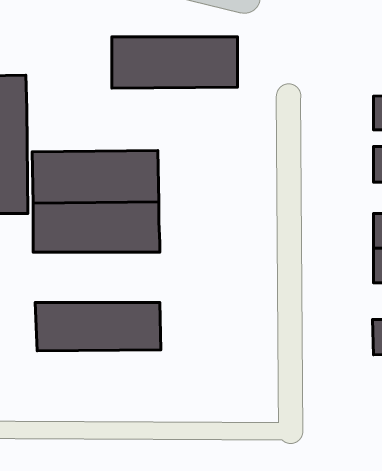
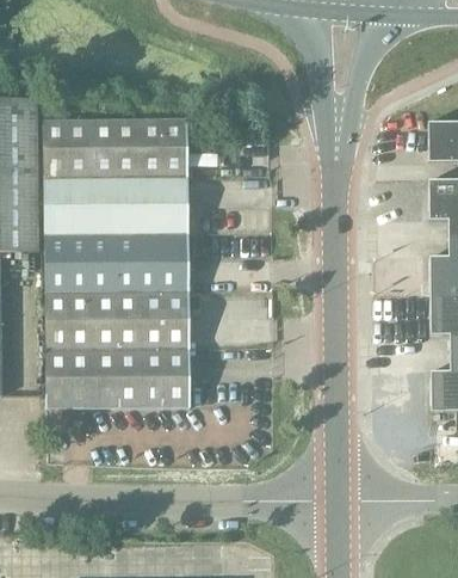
building: [112,37,238,88] -> [43,123,186,182]
building: none -> [44,296,188,353]

